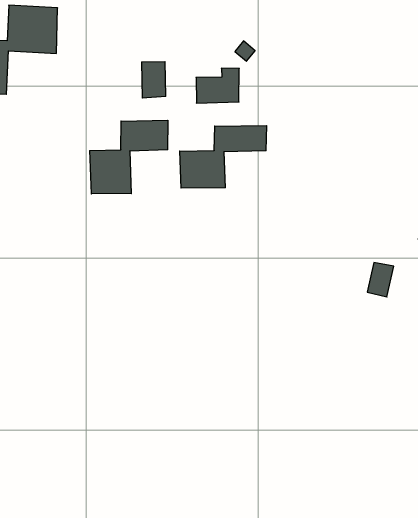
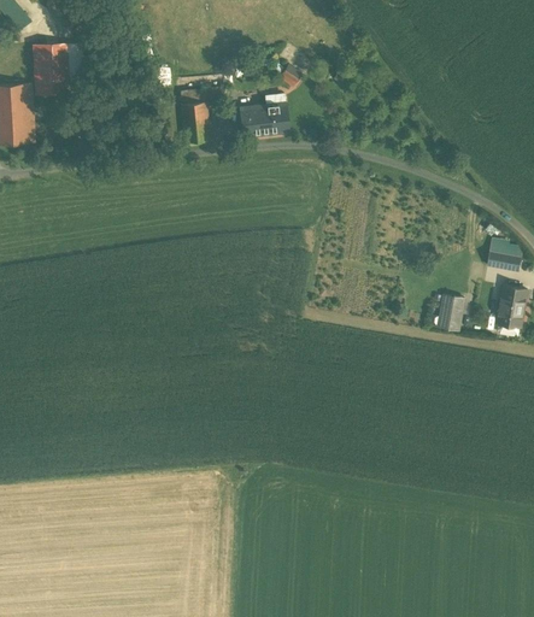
building: [90,120,168,194] -> none
building: [180,126,266,188] -> none

